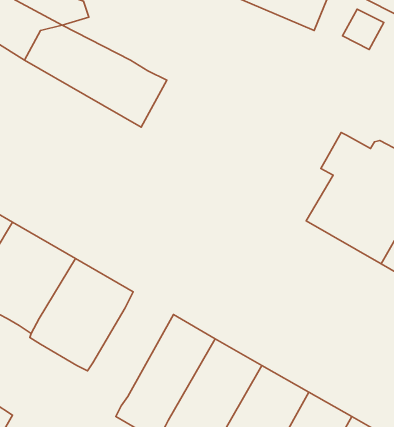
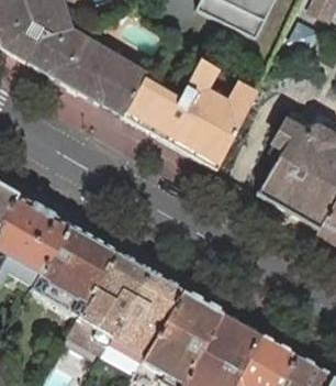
building: none -> [122,69,250,169]
building: none -> [68,252,148,354]

